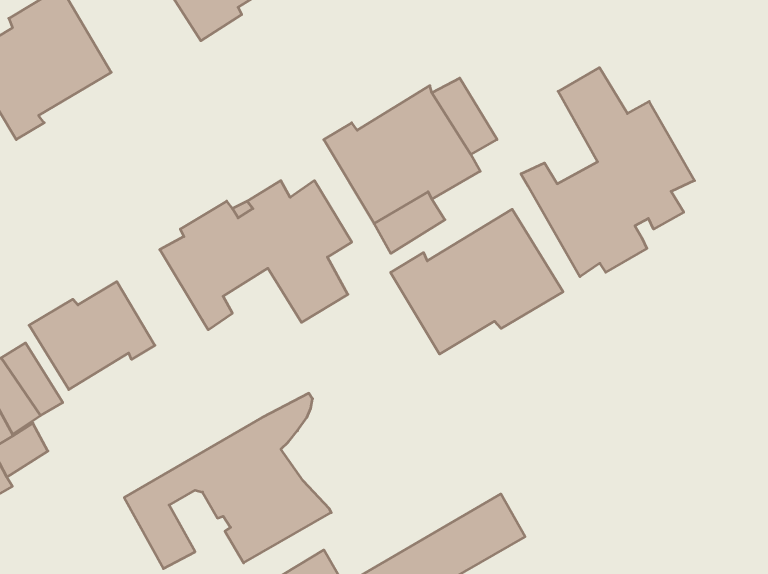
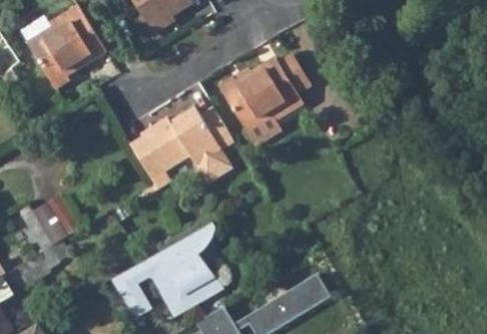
building: [521,68,695,277] -> none
building: [391,209,563,354] -> none
building: [29,282,155,390] -> none

